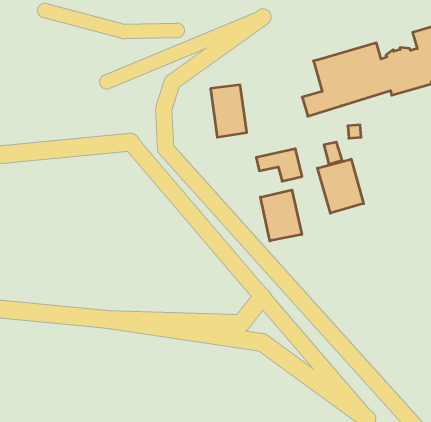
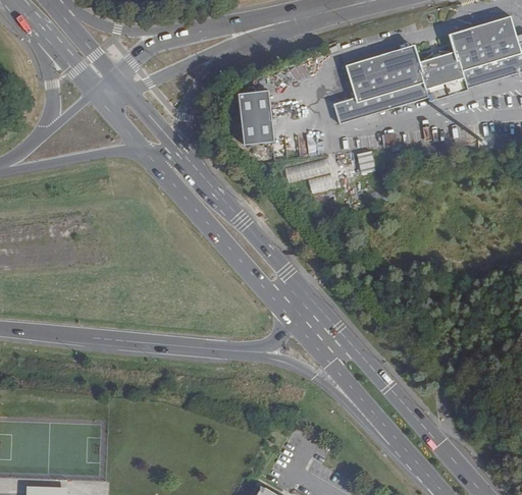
building: [317,159,364,213] -> none
building: [260,190,302,241] -> none

